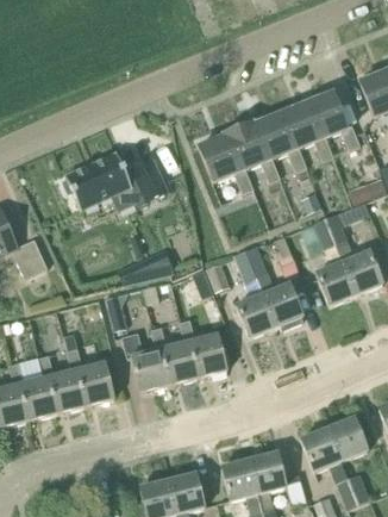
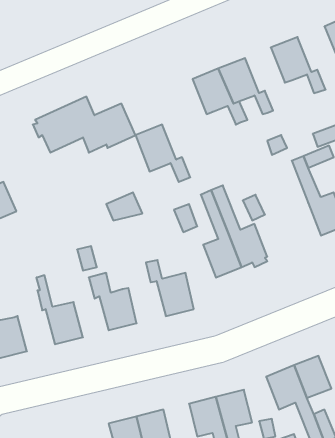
building: [279,102,334,160] -> none
building: [198,135,254,193] -> [135,125,190,182]
building: [300,218,356,305] -> none
building: [149,326,198,384] -> none
building: [38,355,85,412] -> none

